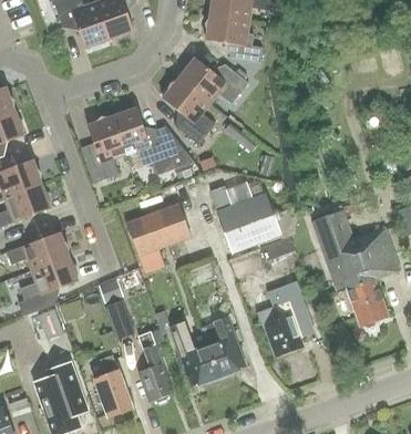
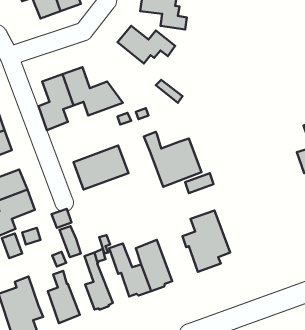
building: [163,78,215,144] -> none
building: [311,209,400,327] -> none

